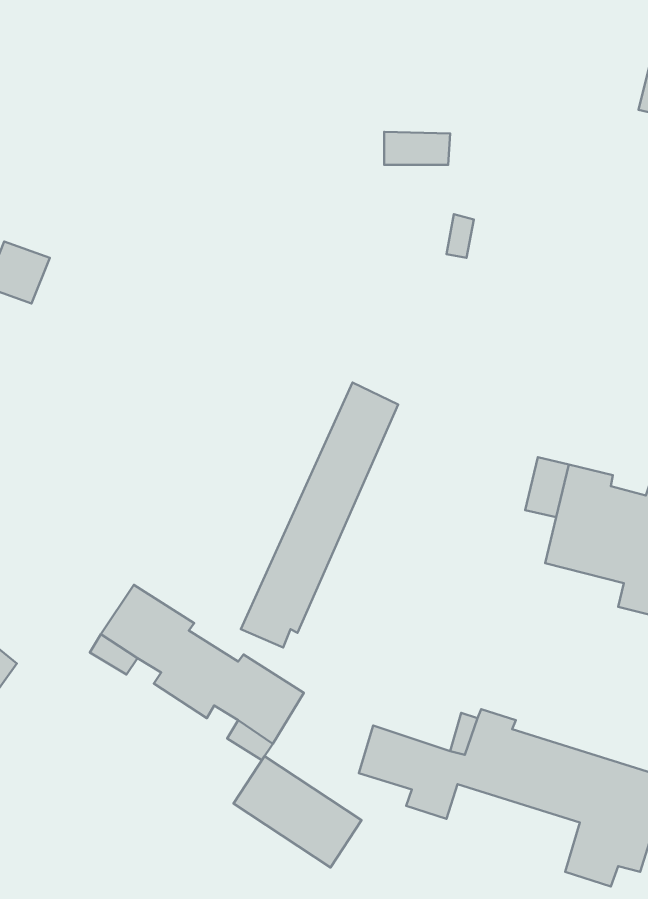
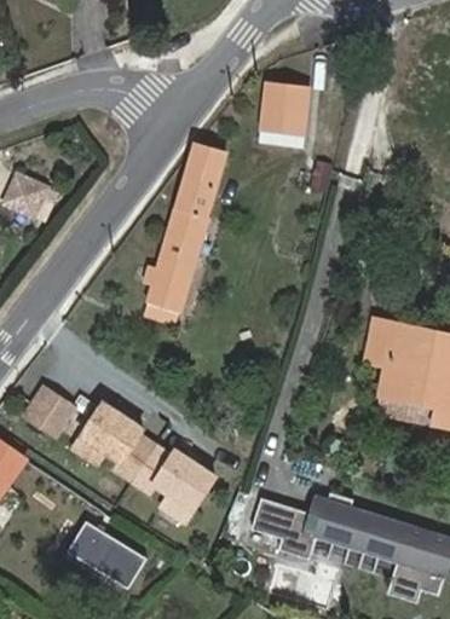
building: none -> [266,79,311,106]
building: [241,382,398,647] -> [143,147,247,323]
building: none -> [23,389,71,438]
building: [234,756,362,868] -> [58,517,143,591]

